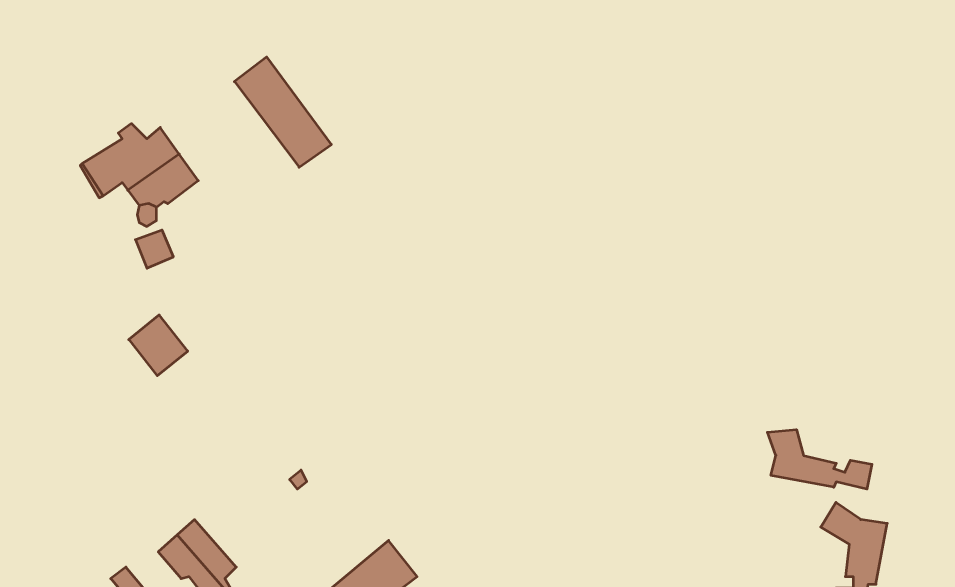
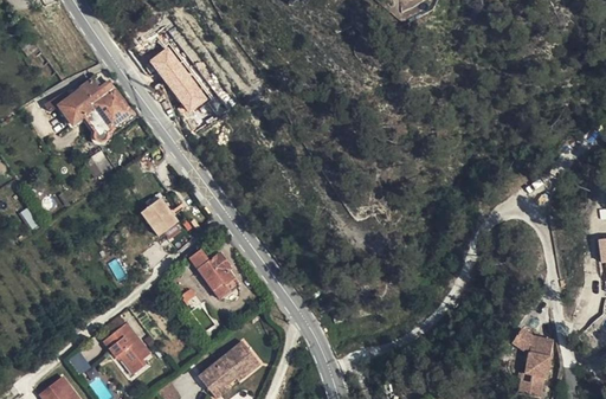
building: [129,315,188,376] -> [136,202,173,240]
building: none -> [187,255,240,298]
building: [767,430,872,489] -> none

